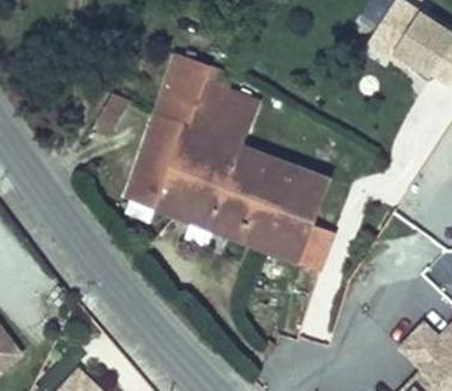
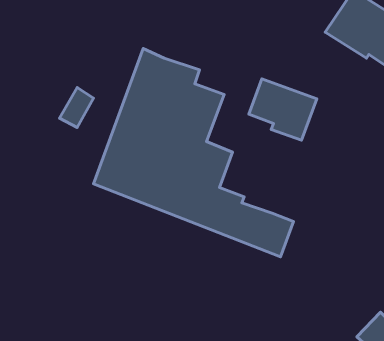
building: [257,159,327,222] -> [249,79,317,140]

